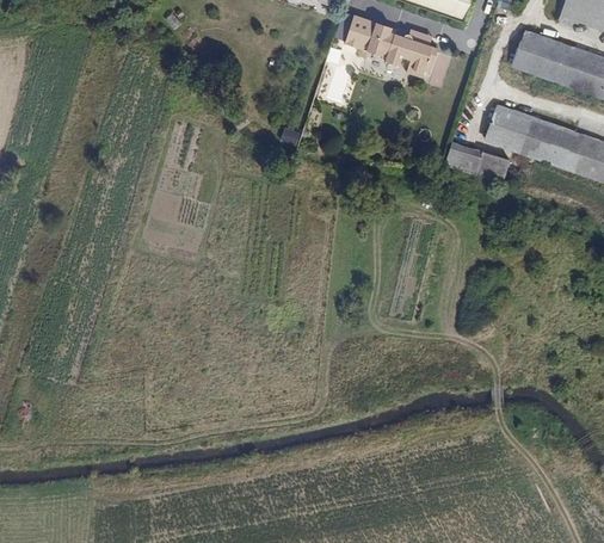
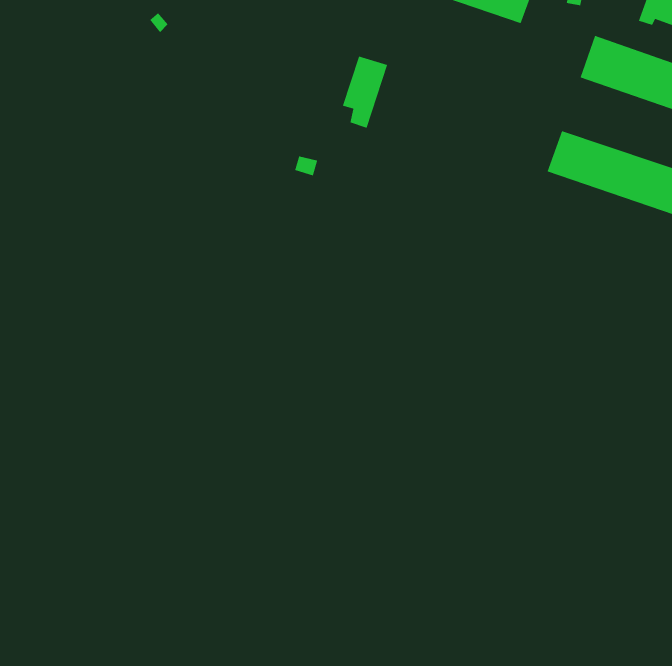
building: [347,13,438,79] -> none
building: [444,141,509,180] -> none

